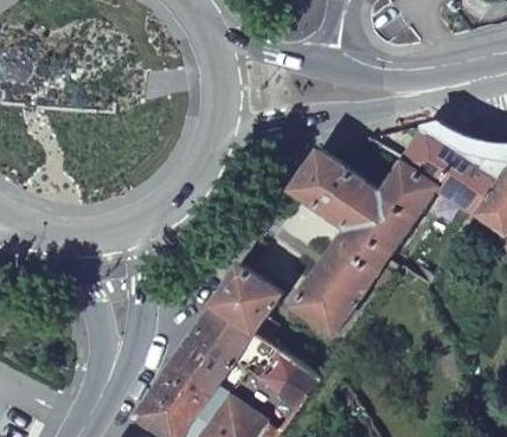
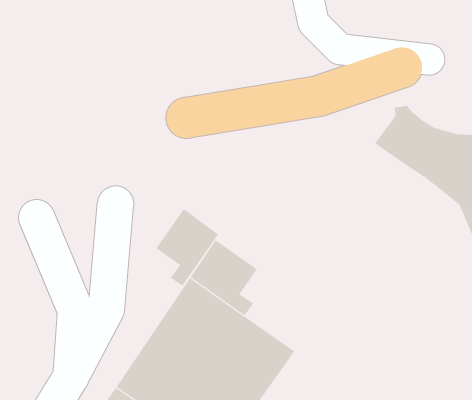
building: [288,147,432,333] -> none
building: none -> [156,208,219,287]

